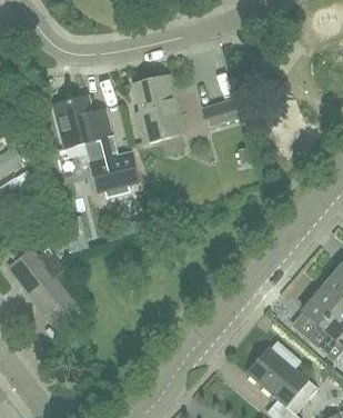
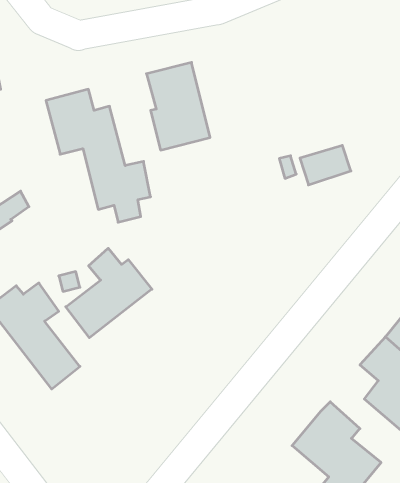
building: [202,96,242,127] -> [300,145,351,185]
building: none -> [66,248,152,338]

